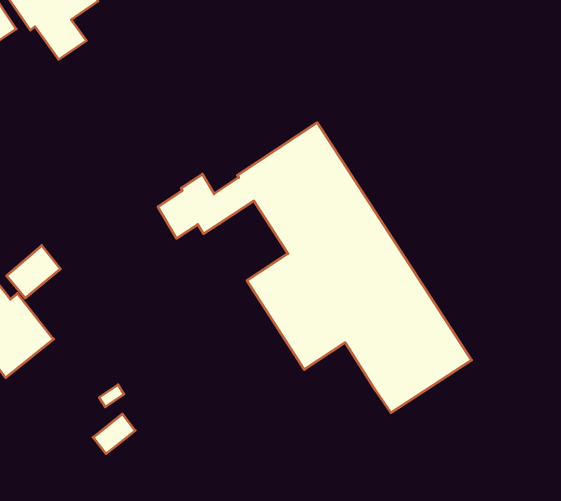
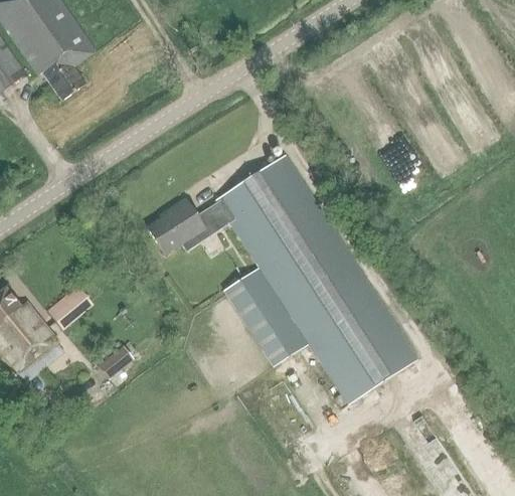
building: [7,245,60,298] -> [47,285,94,330]
building: [93,414,135,454] -> [98,344,134,378]

